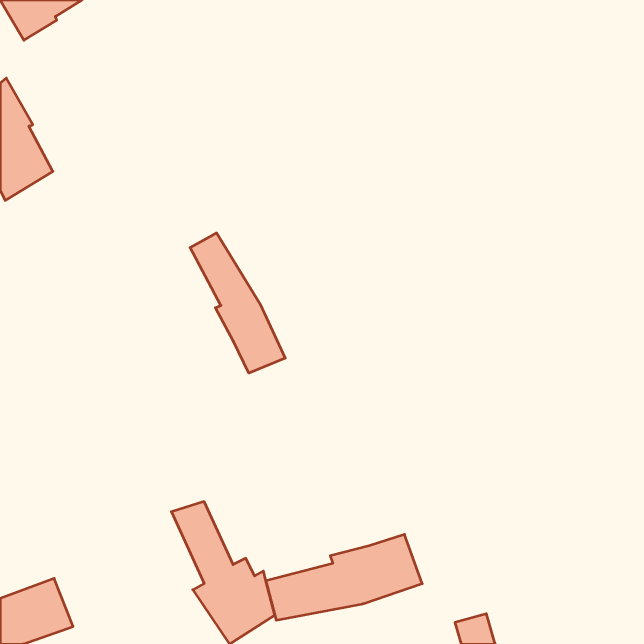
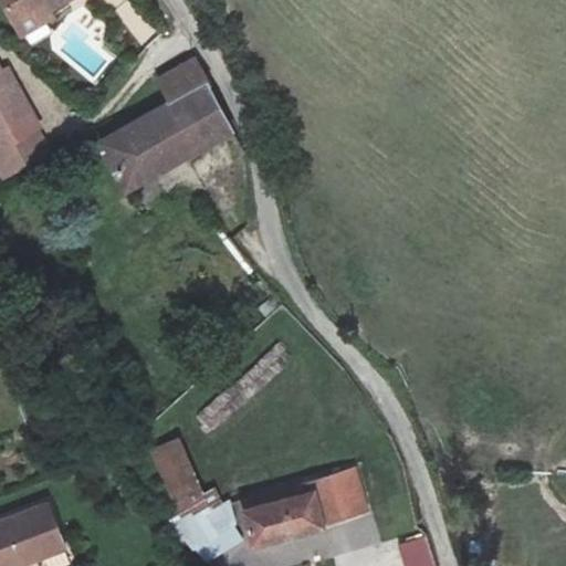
building: none -> [95,61,223,190]
building: [190,233,285,373] -> none

